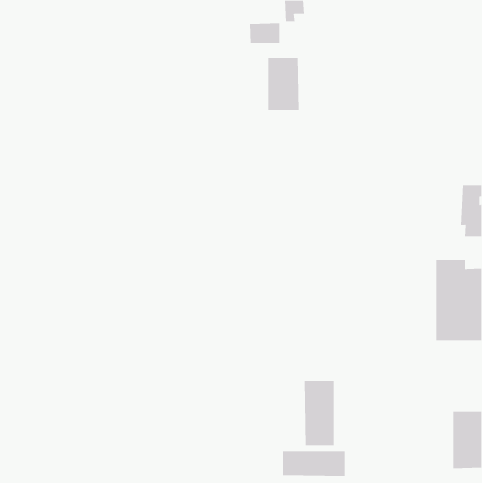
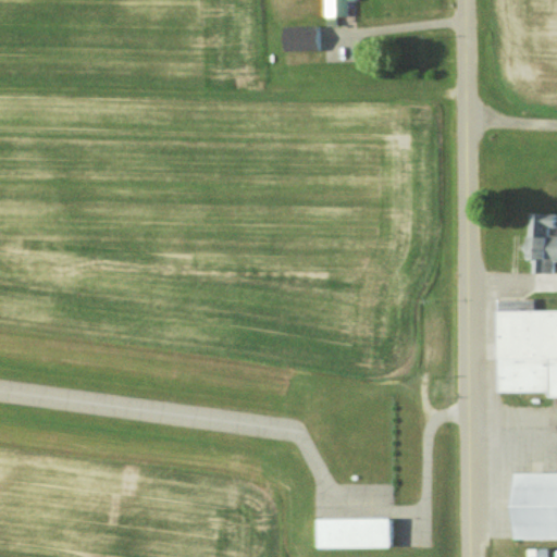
building: [268,57,299,111] -> none
building: [304,380,334,446] -> none

